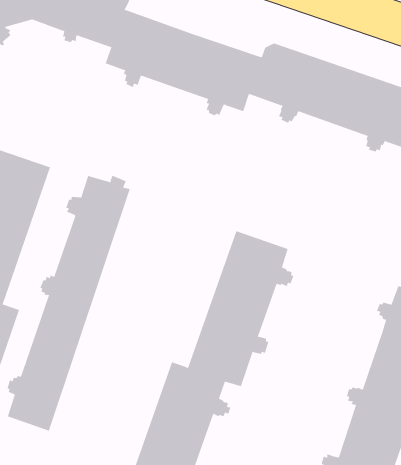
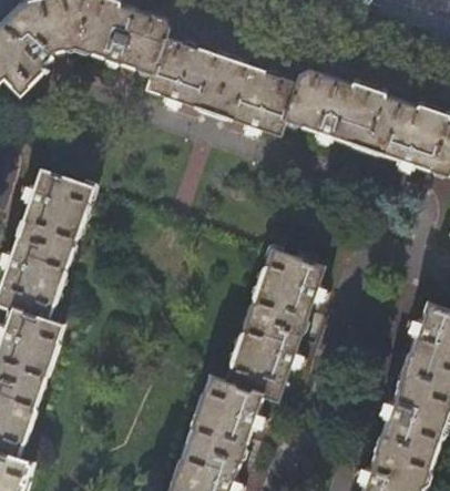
building: [7,175,131,432] -> none

